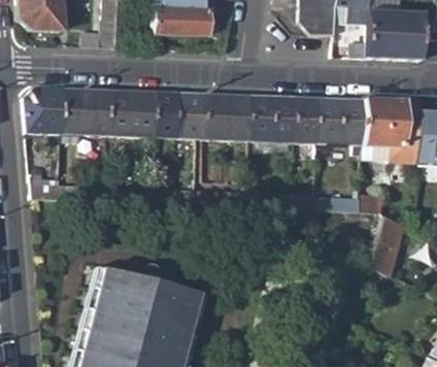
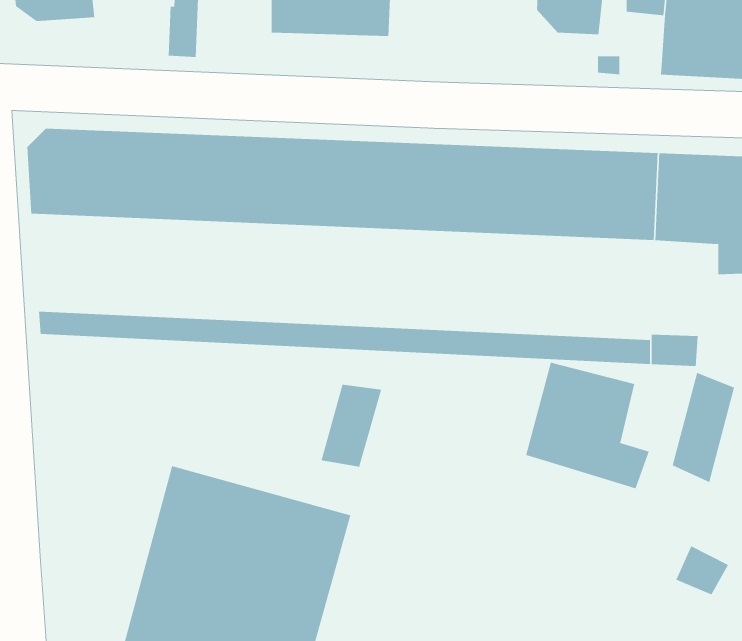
building: none -> [526,362,650,489]
building: none -> [321,384,382,467]

